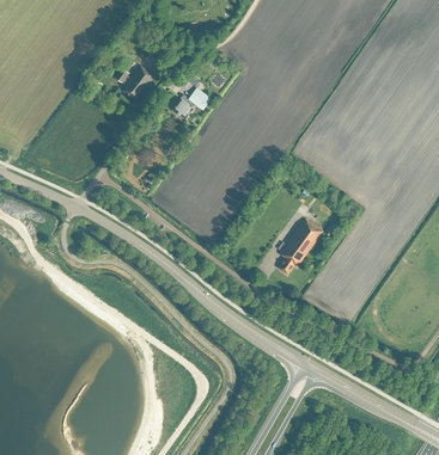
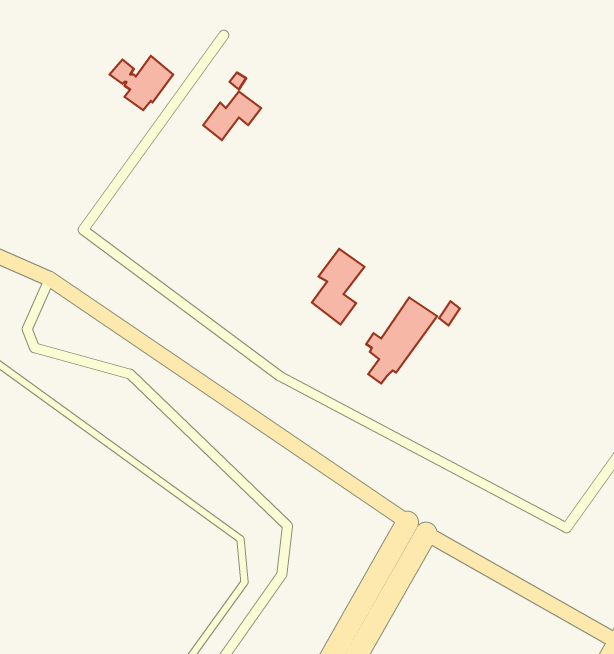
building: none -> [312,249,364,324]

